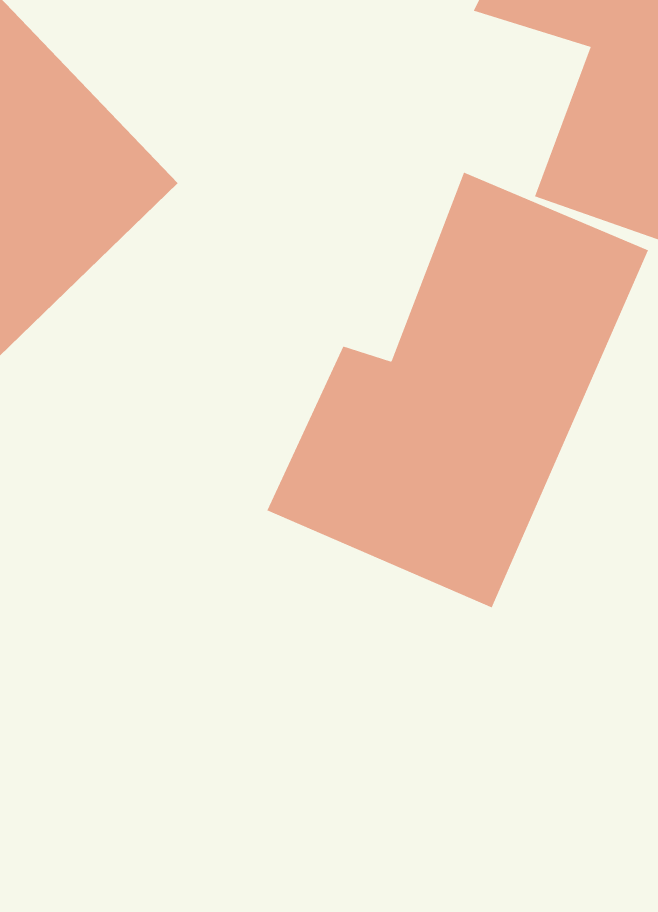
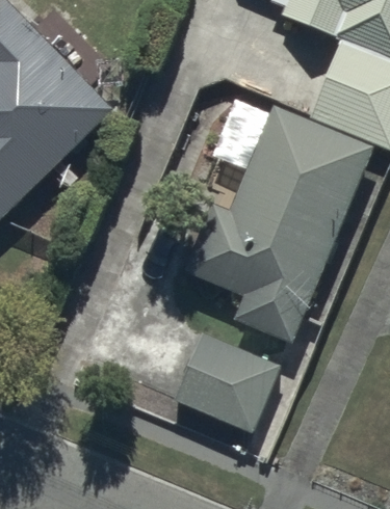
building: none -> [173,330,281,432]

